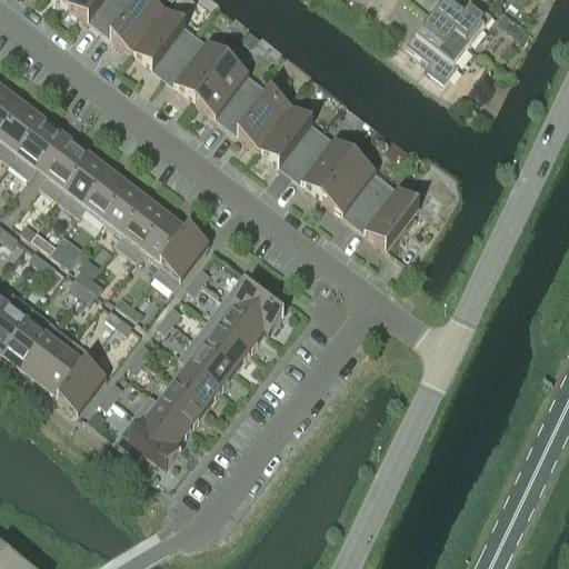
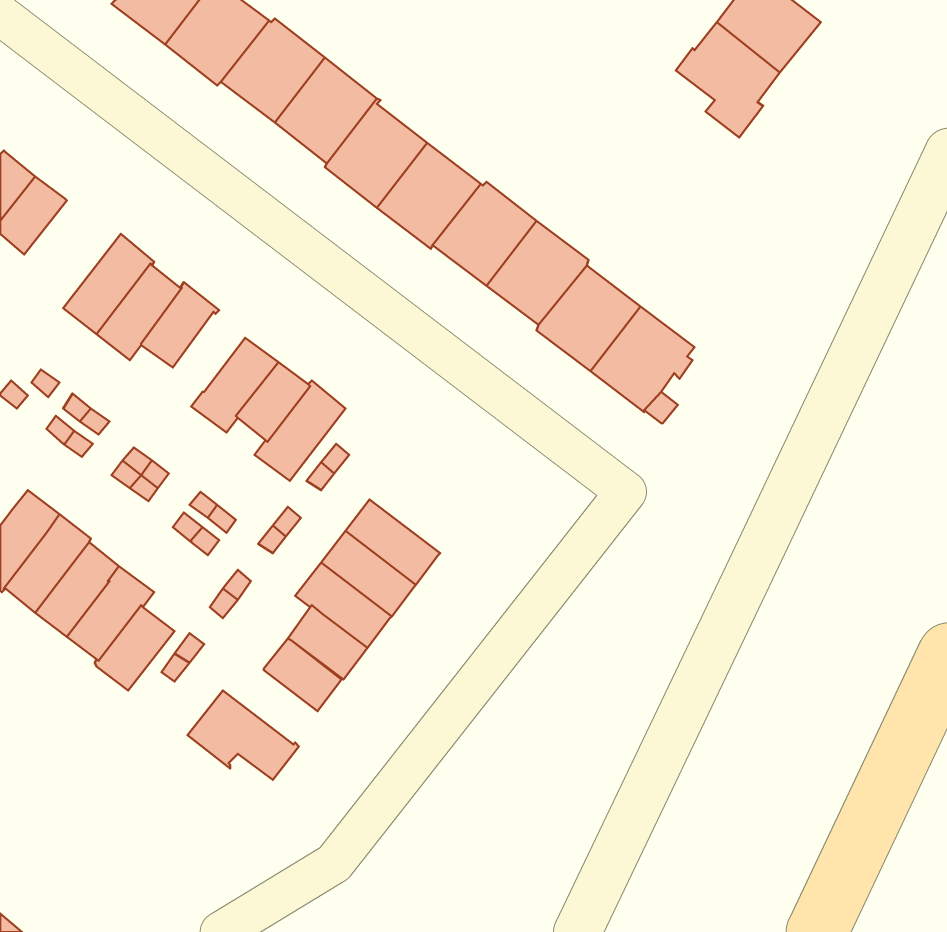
building: [9,117,63,177] -> none
building: [104,187,148,234] -> none
building: [222,271,282,333] -> none
building: [134,393,191,446] -> none

